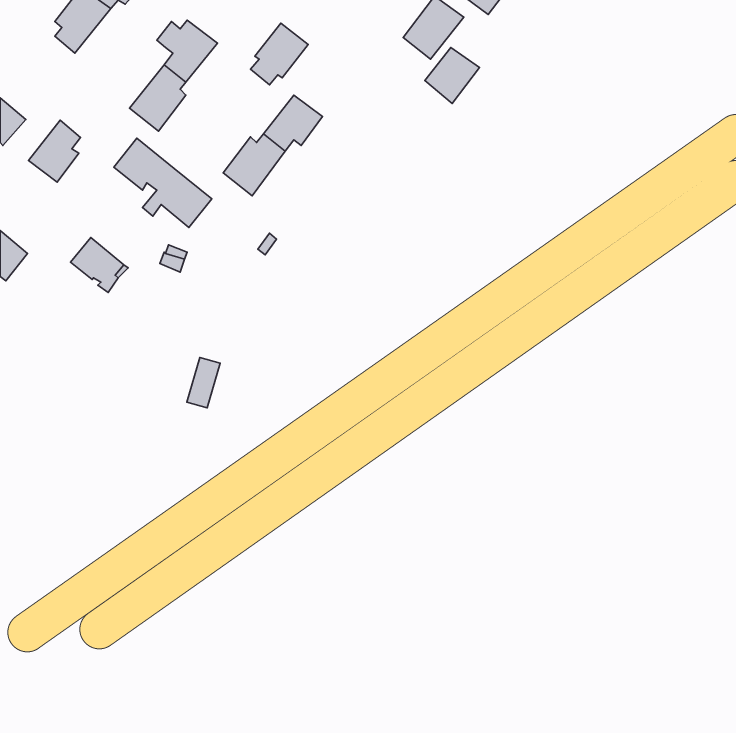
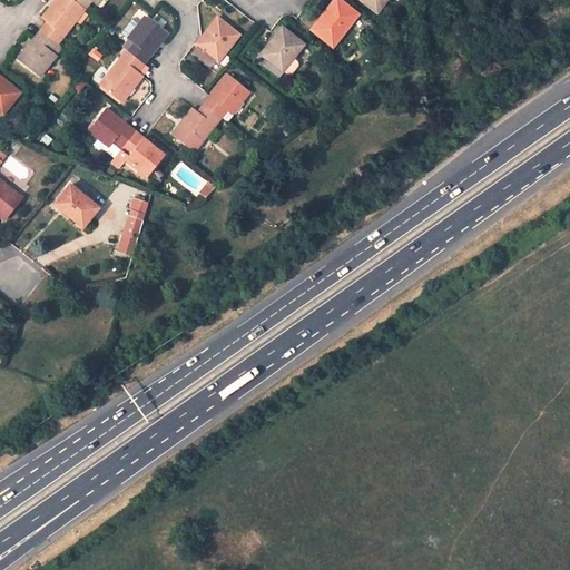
building: [425,48,479,104] -> [262,27,304,70]
building: [28,120,80,182] -> [18,28,58,76]
building: [187,357,220,408] -> [117,215,142,254]

